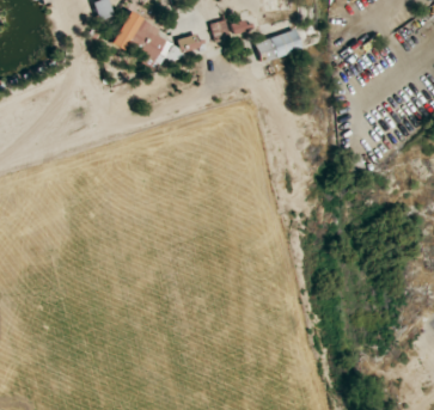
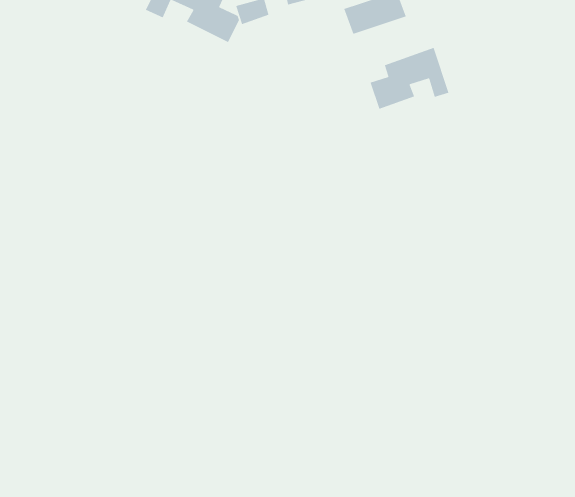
building: none -> [369,47,450,110]

